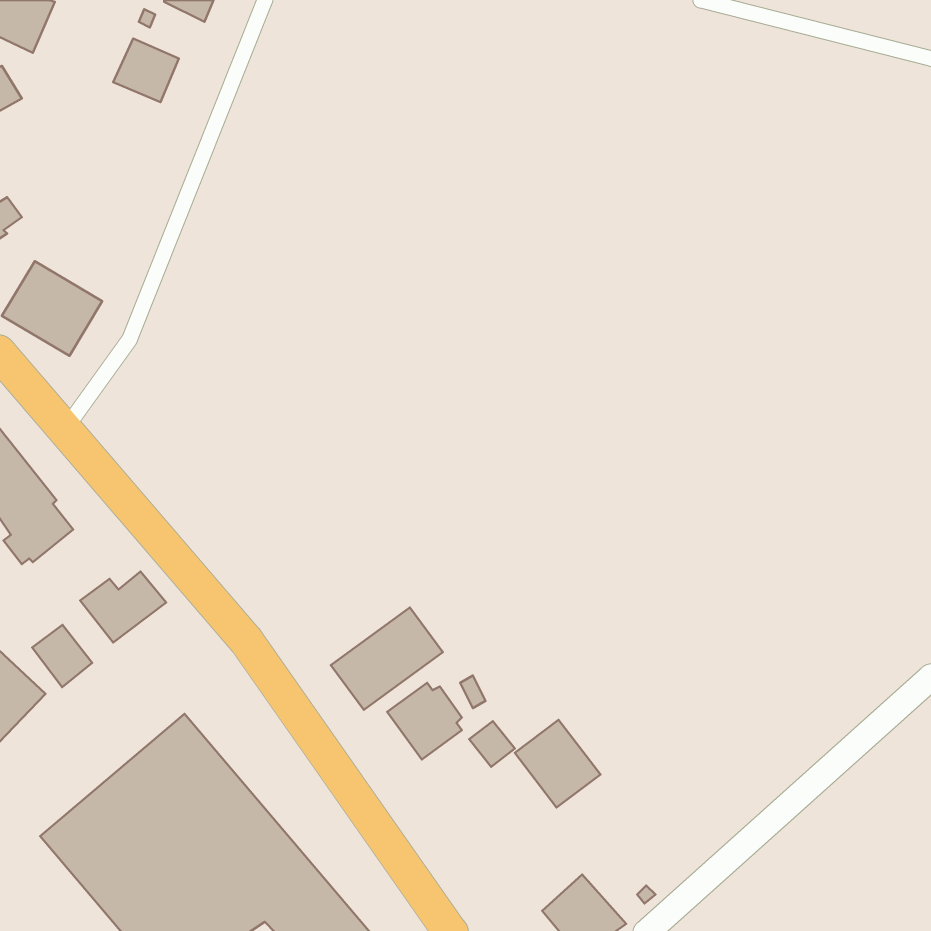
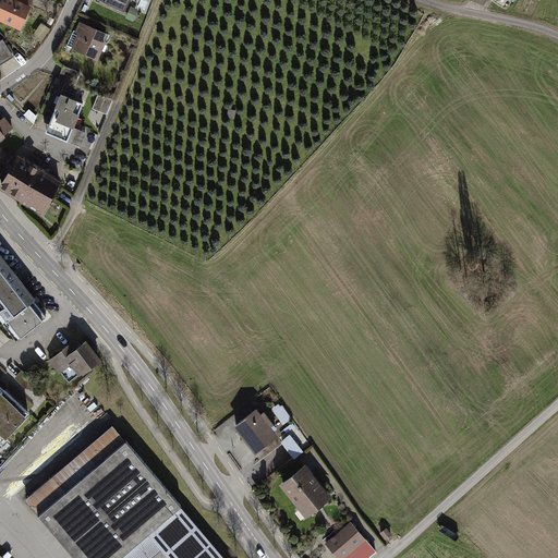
building: none -> [44,97,85,148]
building: [331,607,443,710] -> none
building: [32,625,92,687] -> none
building: [515,720,600,808] -> [278,464,329,517]

